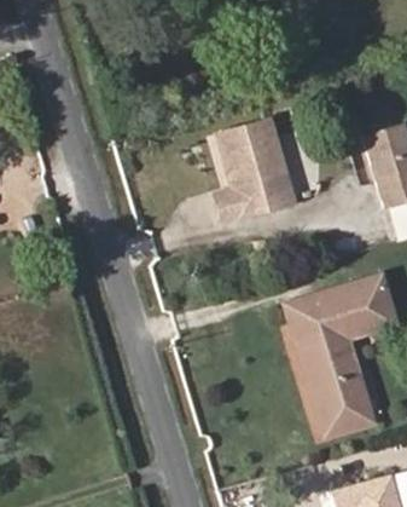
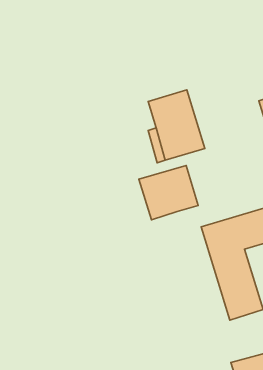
building: none -> [139,166,198,220]

